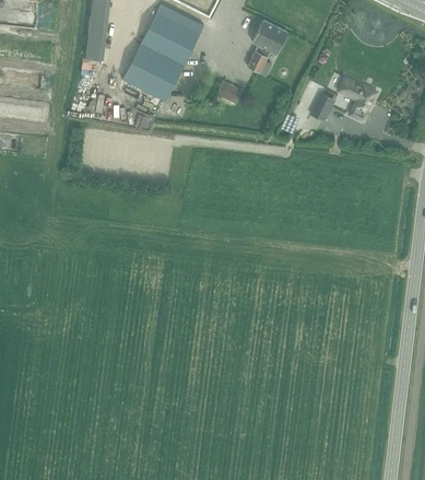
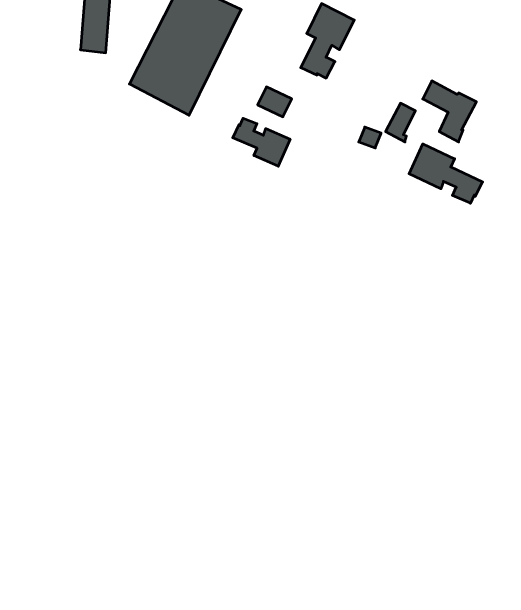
building: none -> [233,118,290,166]
building: none -> [409,144,483,203]

